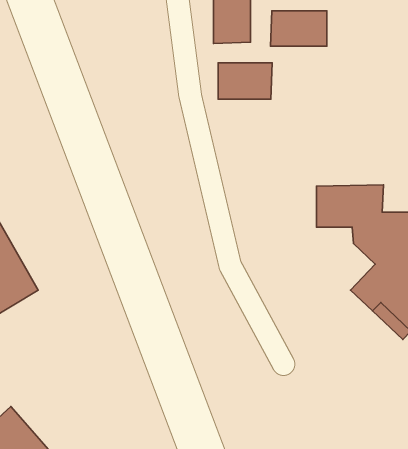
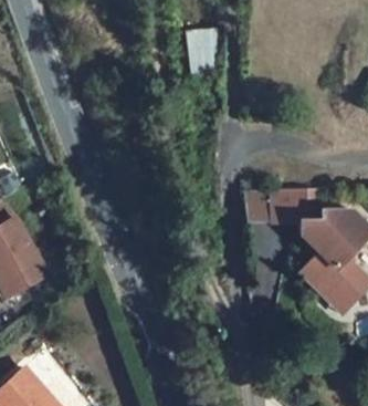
building: [270,11,327,46] -> none
building: [218,63,272,99] -> none

